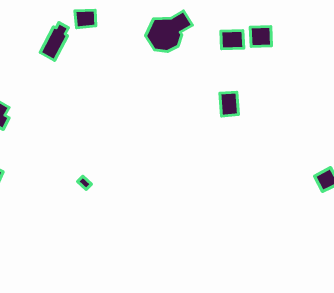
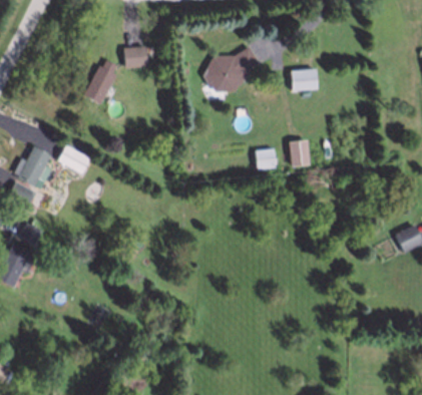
building: [250,26,272,46] -> none
building: none -> [57,144,90,173]
building: none -> [256,149,277,168]

